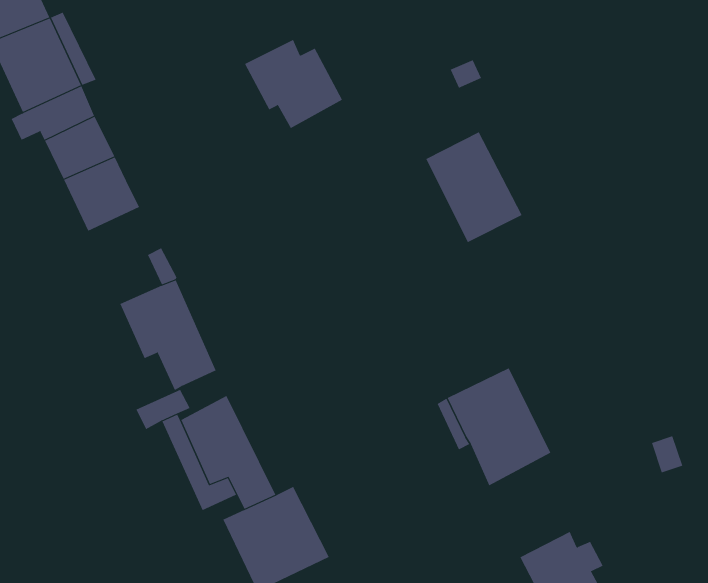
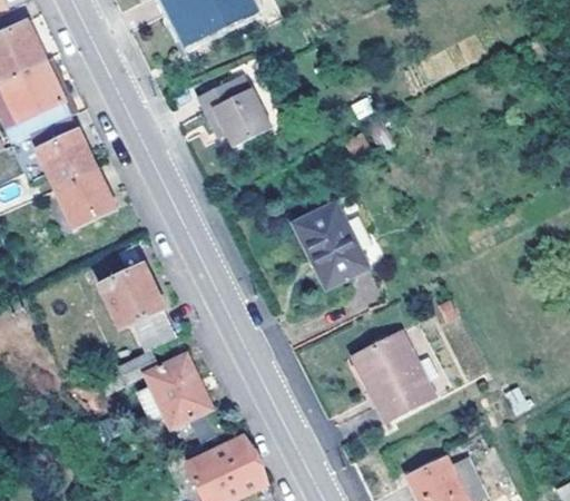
building: [425,131,522,243] -> [295,202,370,287]

